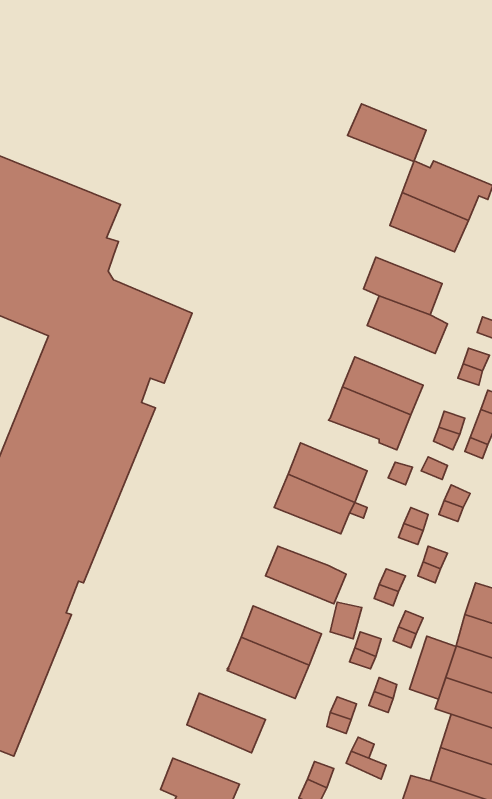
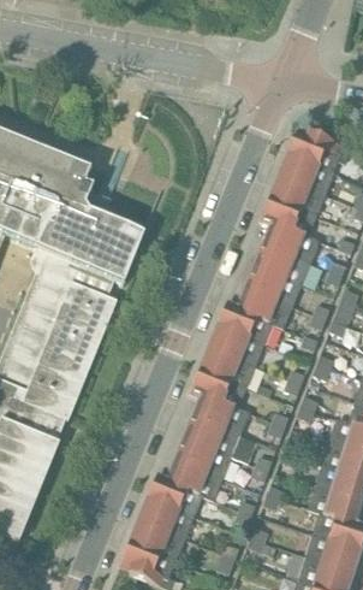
building: [347,104,426,162] -> [268,176,322,216]
building: none -> [254,244,309,285]
building: none -> [216,303,270,344]
building: none -> [190,370,244,409]
building: none -> [184,417,239,456]
building: [409,636,456,699] -> none
building: none -> [147,474,201,515]
building: none -> [129,519,183,560]

